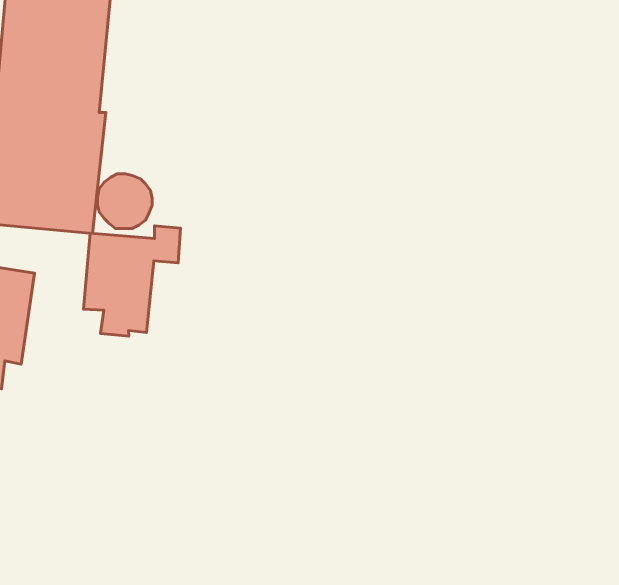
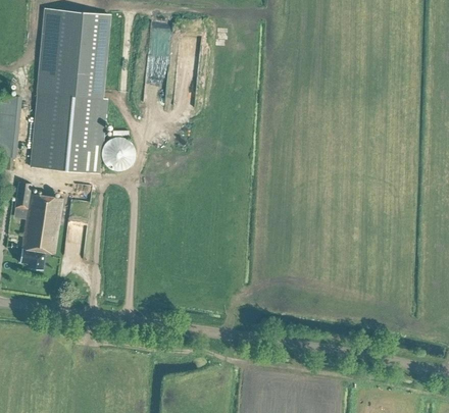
building: [83,226,181,336] -> none

